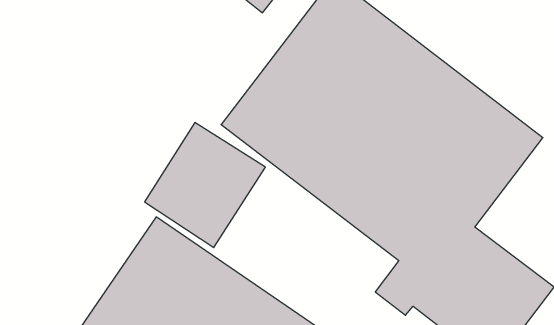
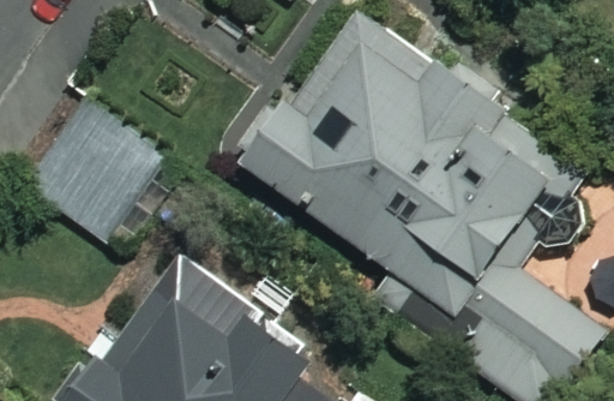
building: [145,123,265,248] -> [32,109,162,244]

